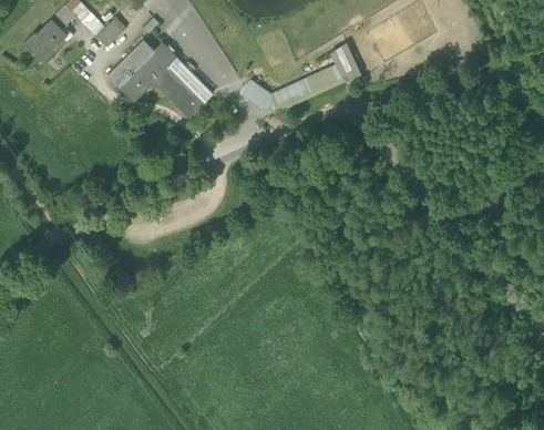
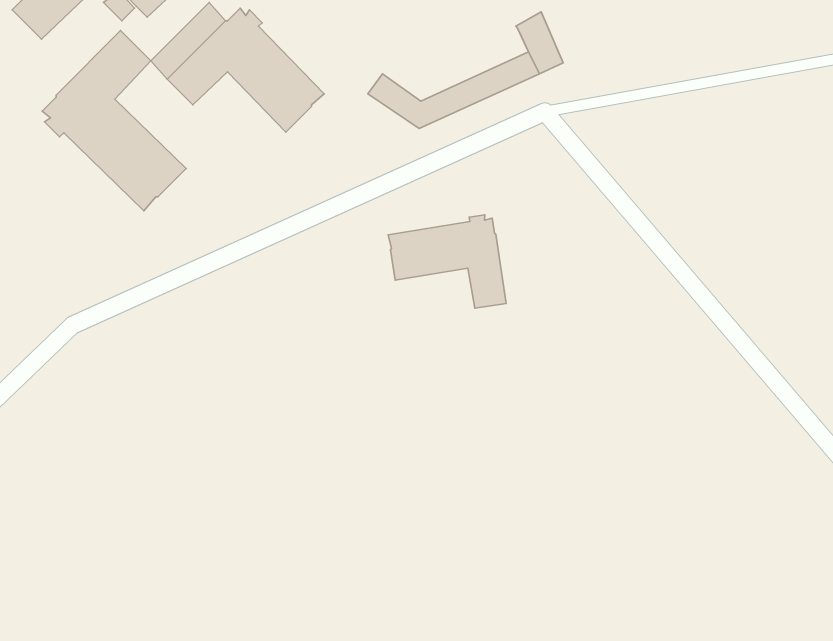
building: none -> [42,31,186,211]
building: none -> [388,215,506,308]

